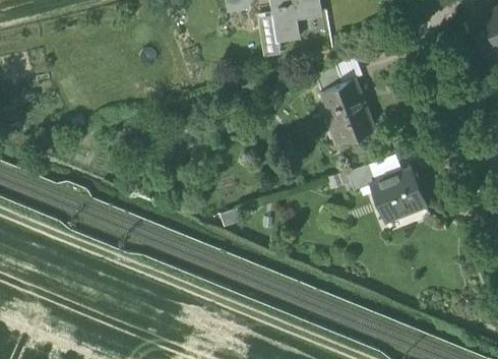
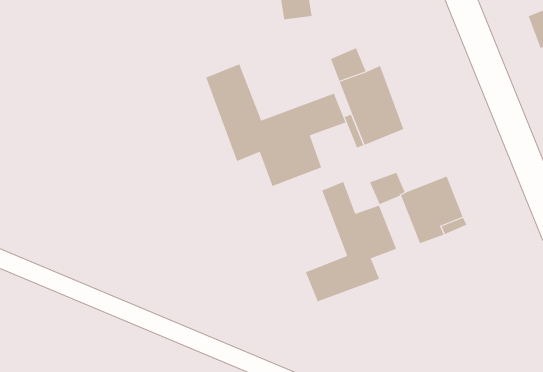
building: none -> [206,64,346,187]
building: none -> [305,181,397,302]

